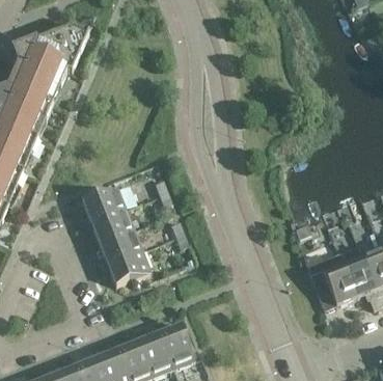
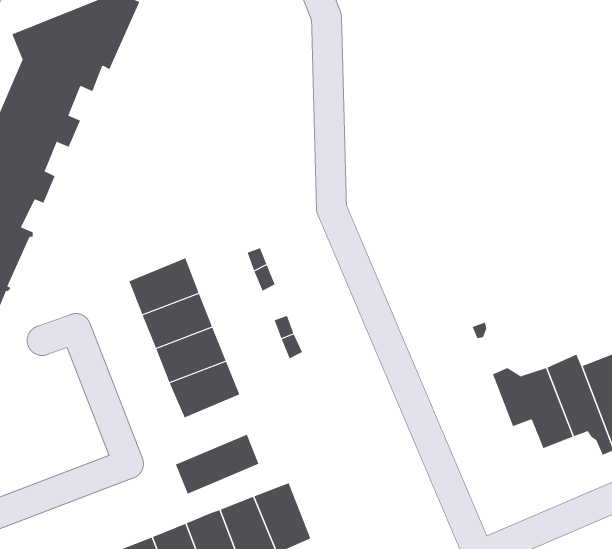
building: none -> [175,434,259,495]

